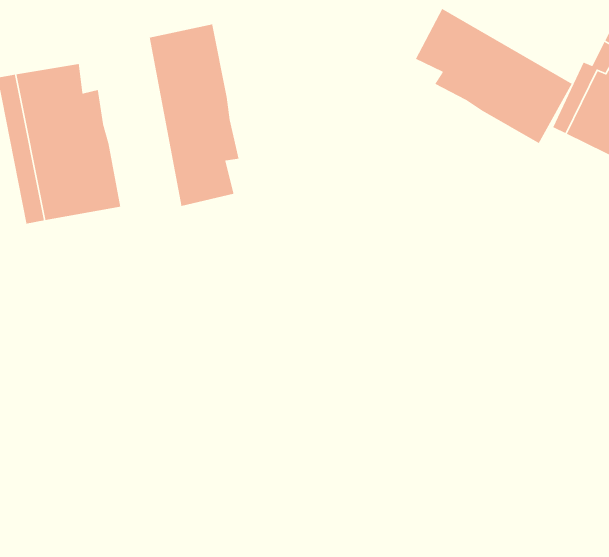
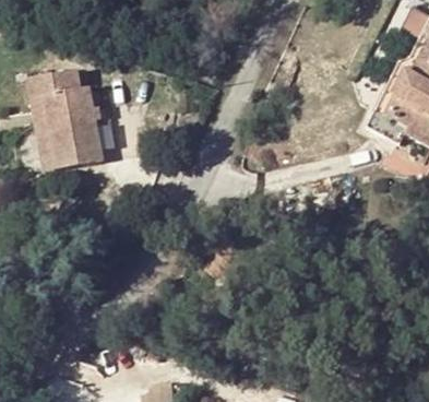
building: [415,8,573,144] -> none
building: [149,24,239,207] -> none

